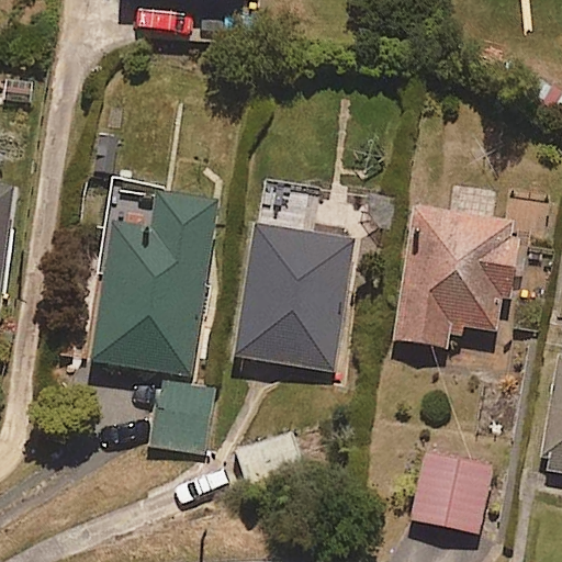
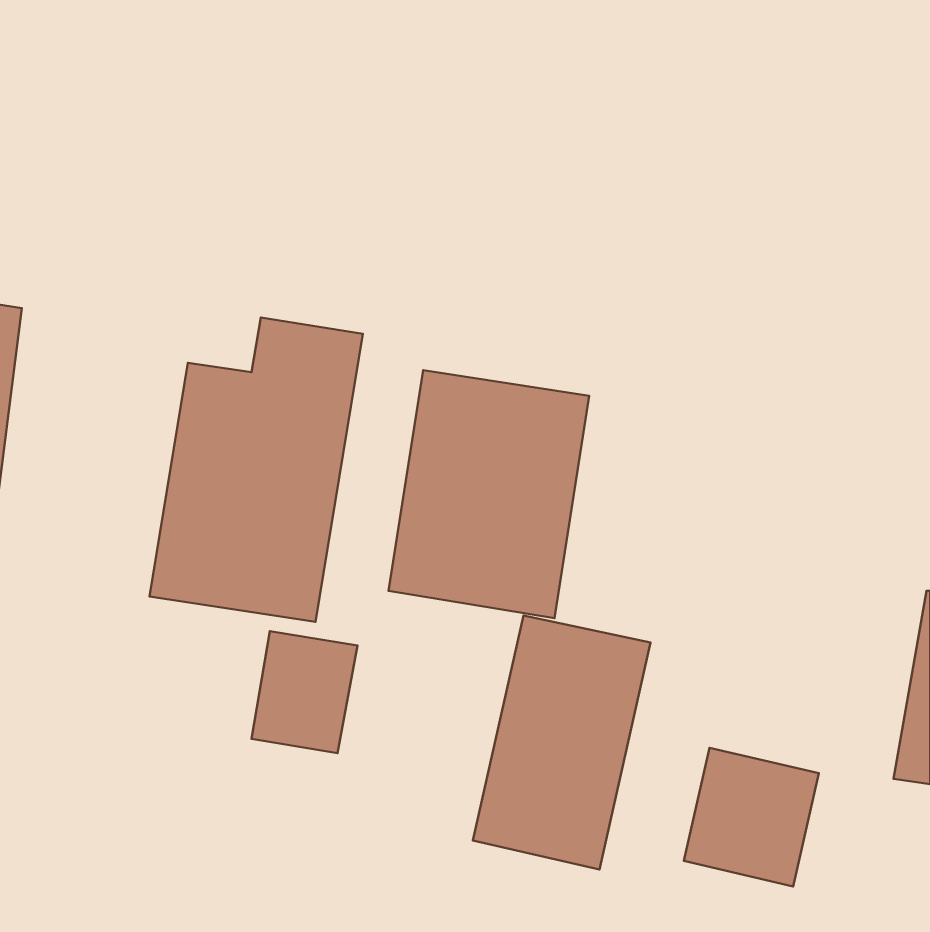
building: [394,205,520,349] -> none
building: none -> [473,615,651,869]

